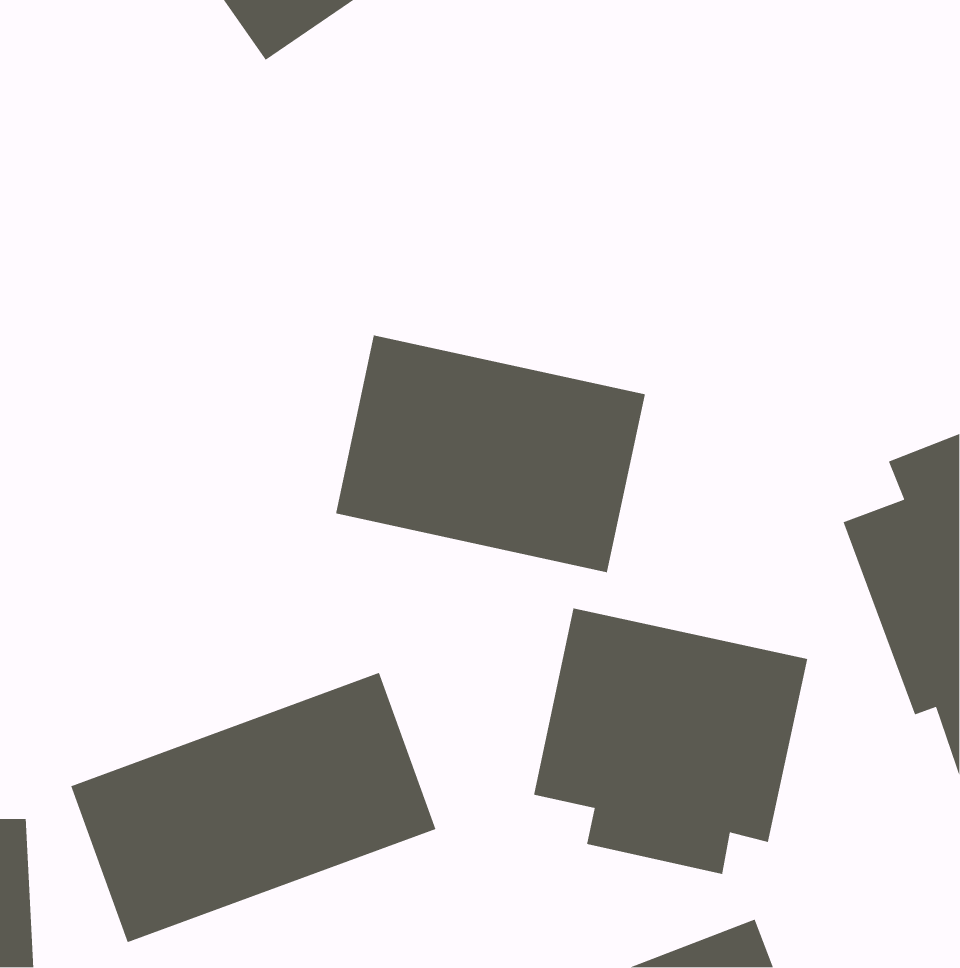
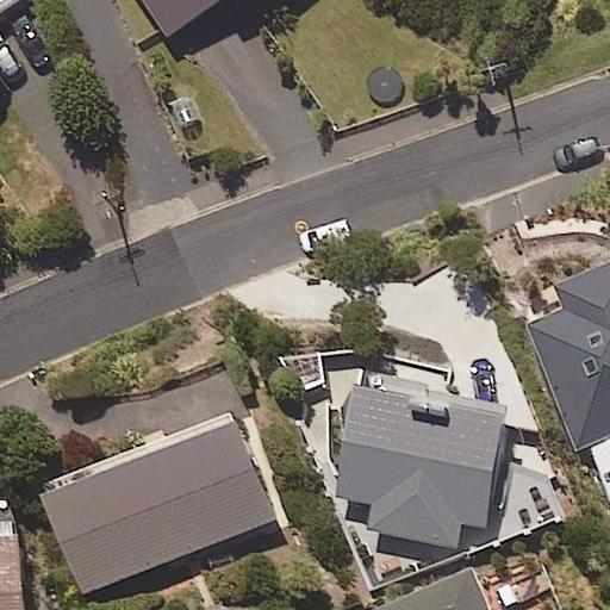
building: [335,335,646,573] -> none

